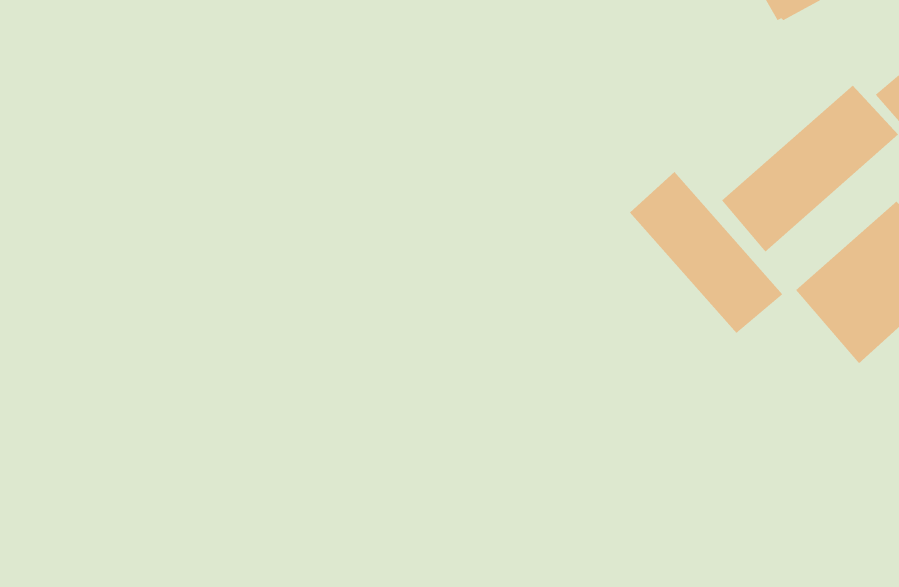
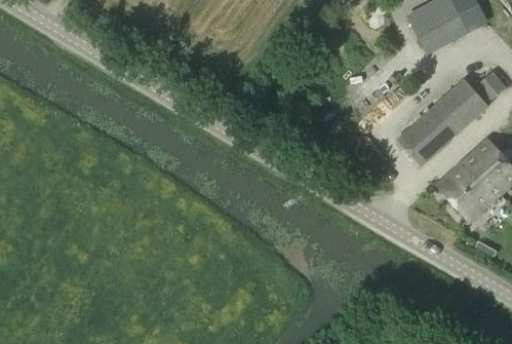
building: [629,171,783,334] -> none

